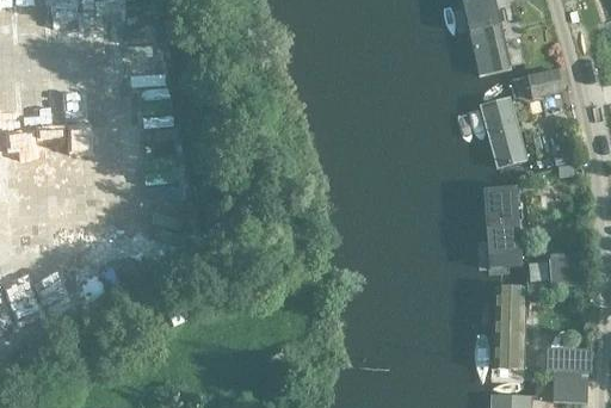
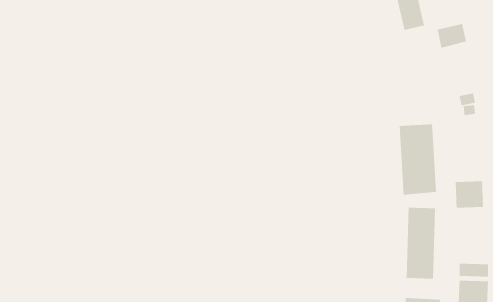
building: [480,91,529,171] -> none

